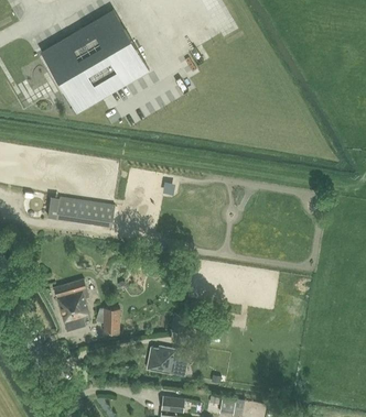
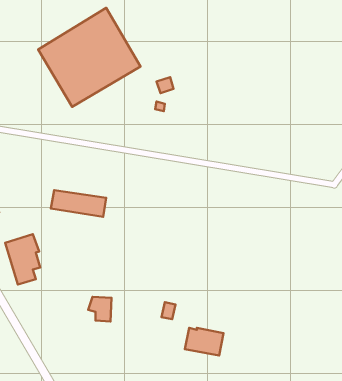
building: [53,278,89,330] -> [5,234,40,284]
building: [147,347,186,375] -> [185,328,223,355]

